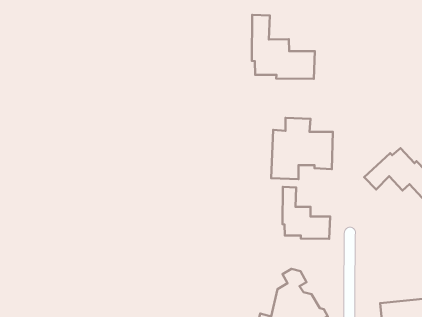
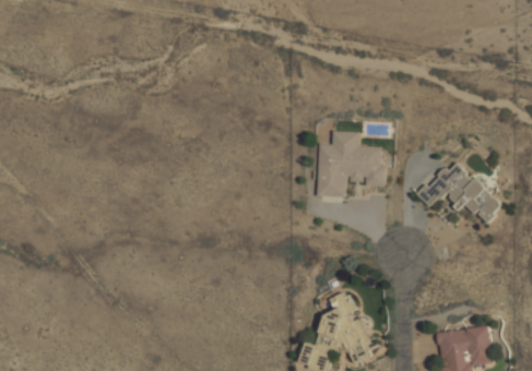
building: [252,15,315,79] -> none
building: [282,187,330,239] -> none

